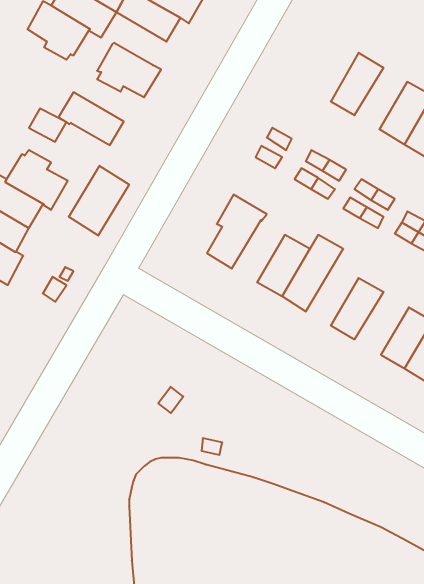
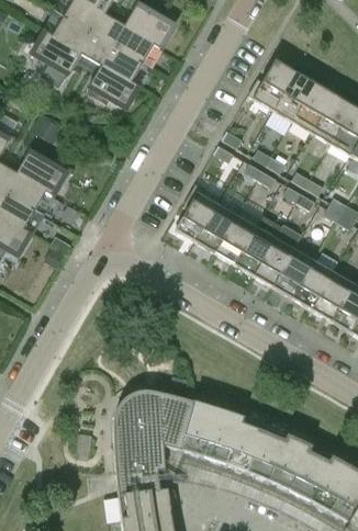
building: none -> [247,60,294,111]
building: none -> [291,84,333,133]
building: [58,92,124,145] -> [91,41,143,82]
building: [69,166,129,236] -> none
building: none -> [194,204,236,253]
building: none -> [253,238,294,287]
building: none -> [291,261,334,310]

